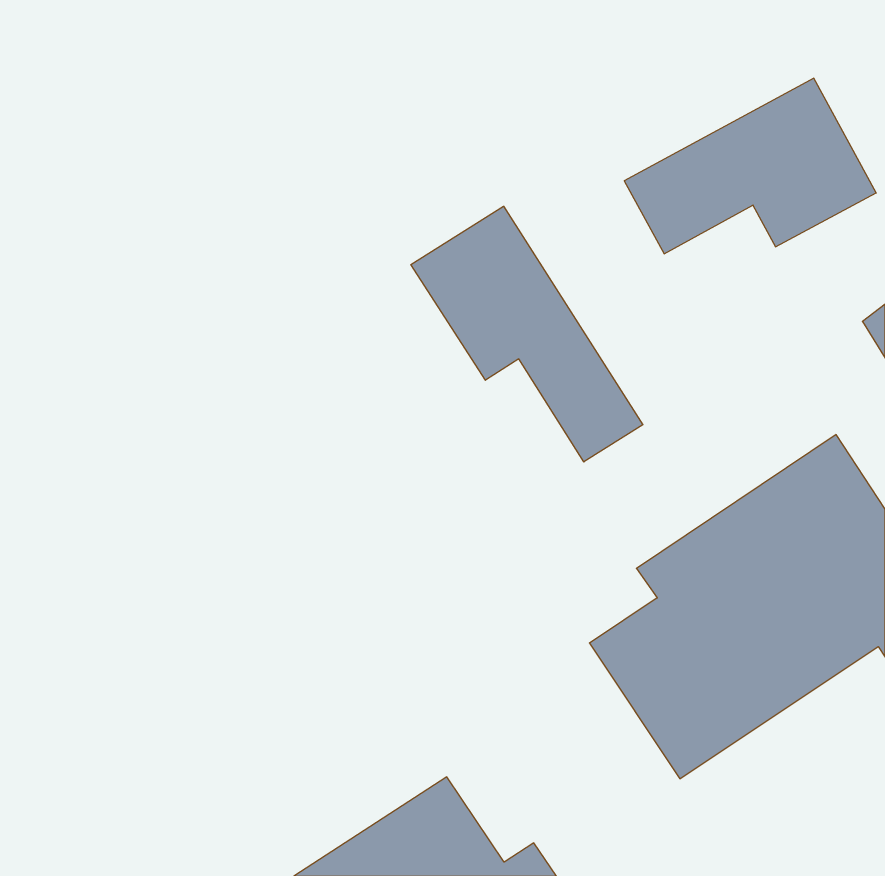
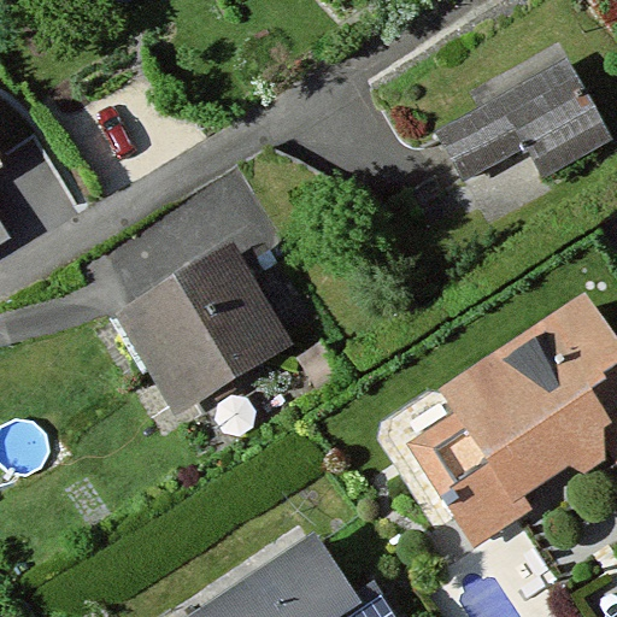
building: [411,206,643,462] -> none
building: none -> [118,248,289,413]

